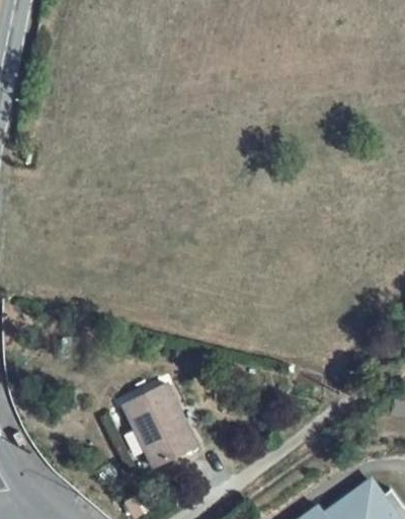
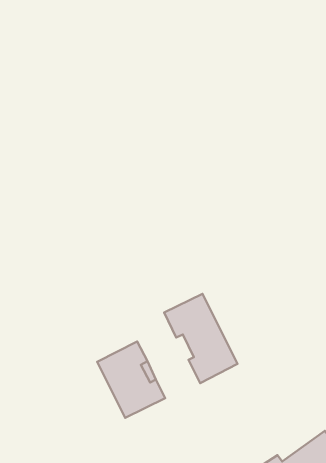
building: none -> [164,294,237,383]

